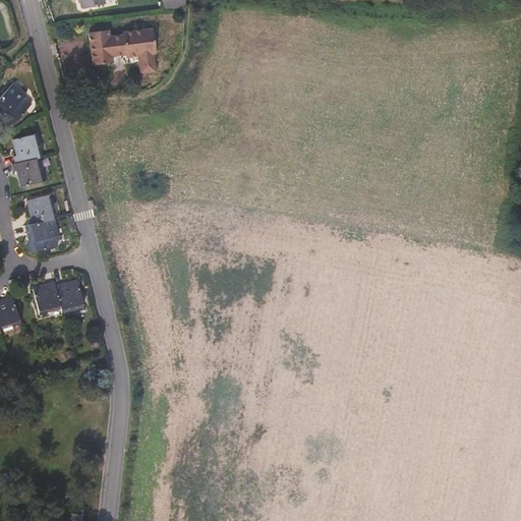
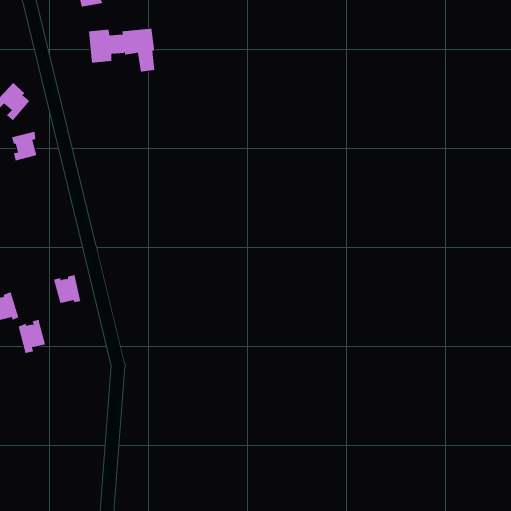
building: [11,159,44,186] -> none
building: [25,194,59,252] -> none
building: [32,281,60,315] -> [18,319,46,353]

